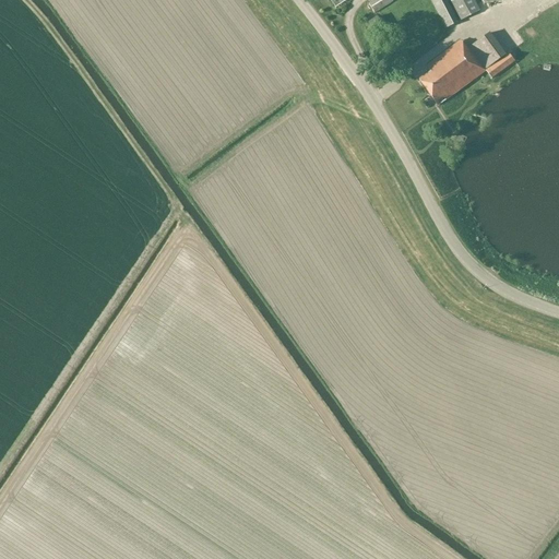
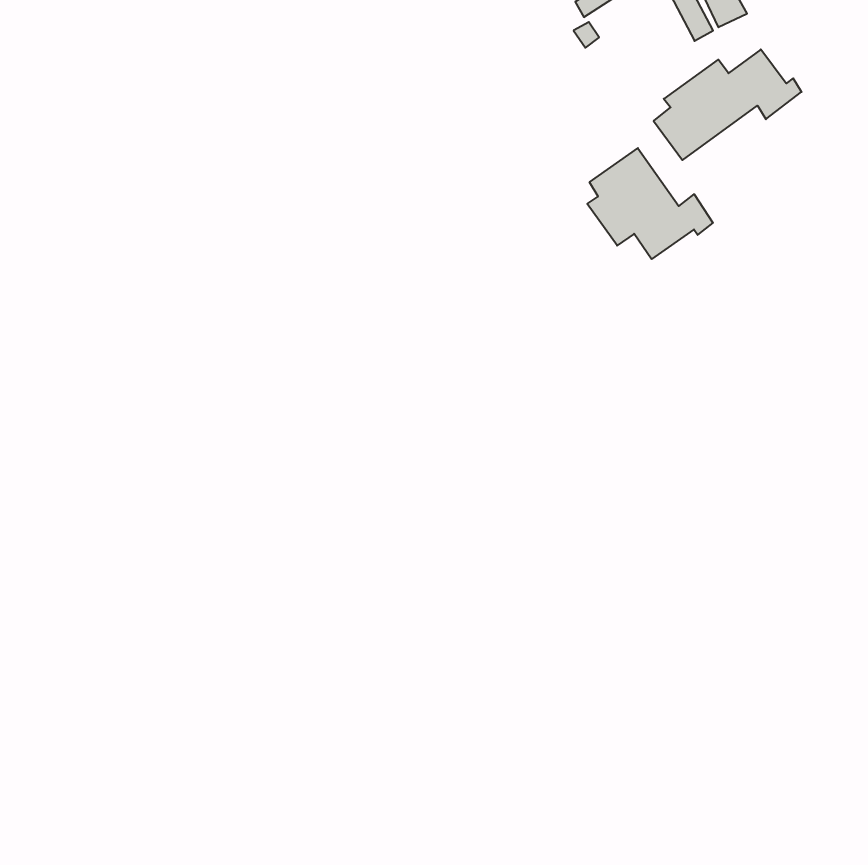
building: none -> [587,148,713,259]

